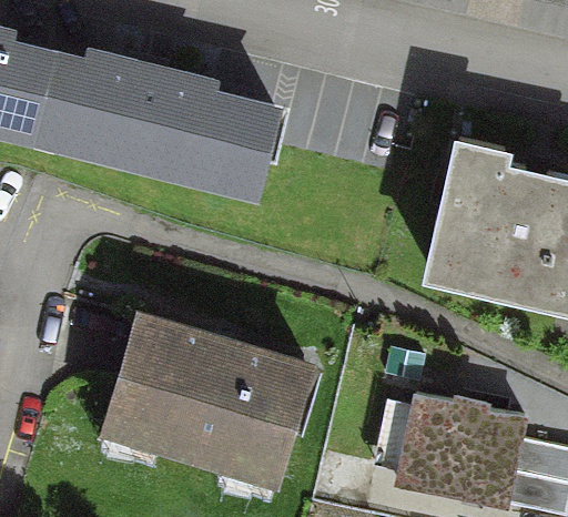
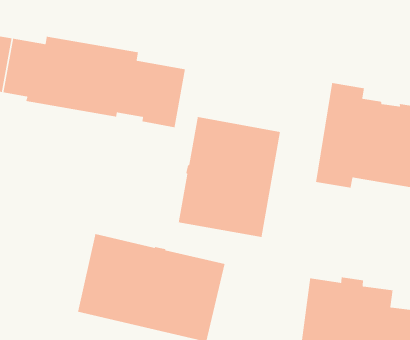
building: none -> [178,116,281,238]

